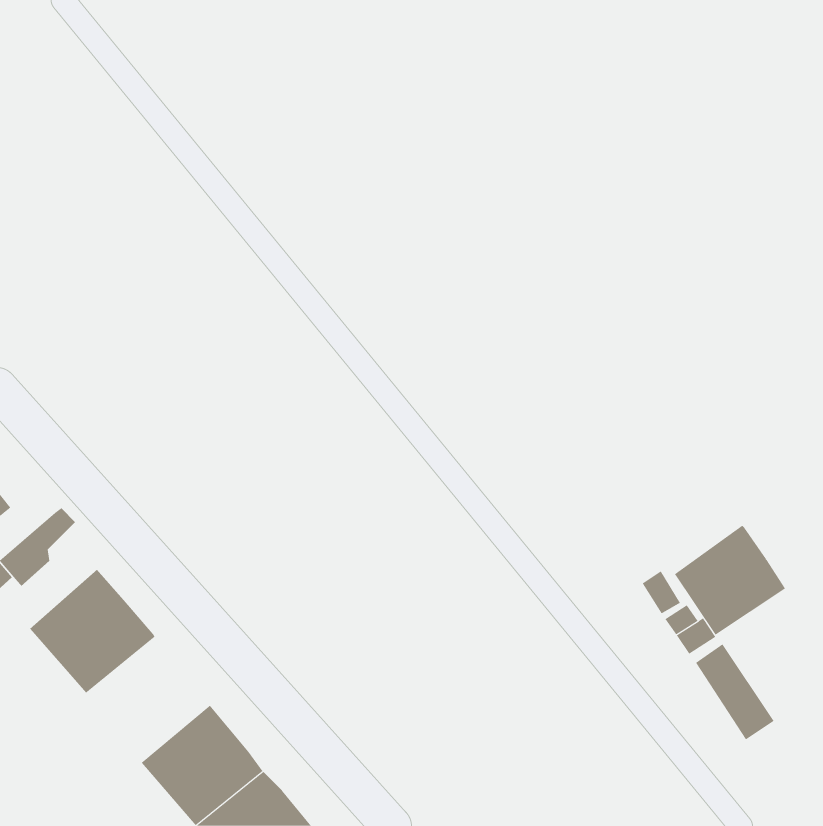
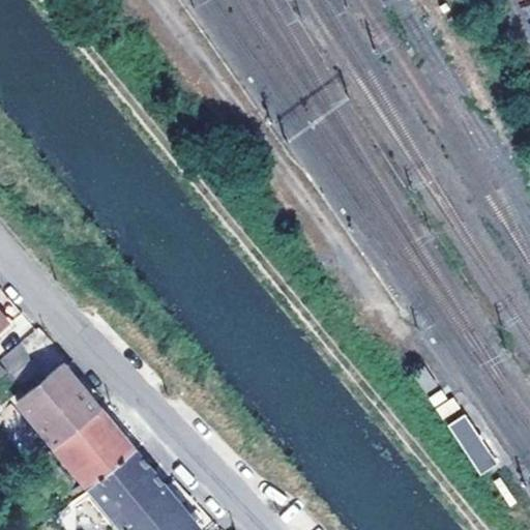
building: [674,525,786,636] -> none
building: none -> [55,408,135,489]

